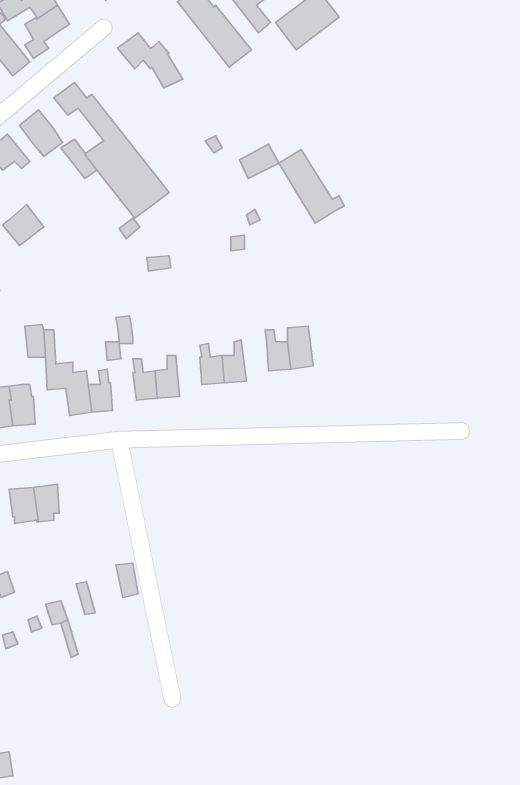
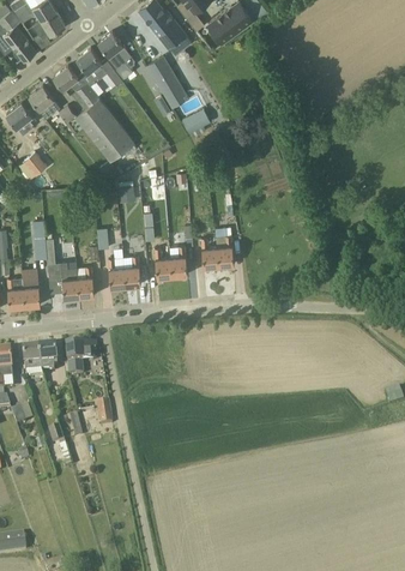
building: none -> [77,48,123,86]
building: [279,149,344,223] -> [147,56,193,108]
building: none -> [66,343,97,375]

